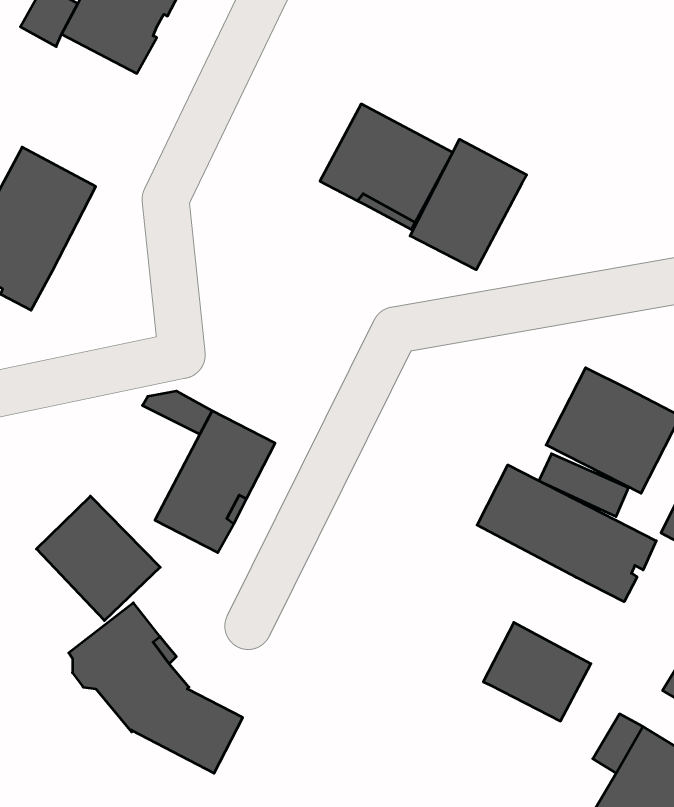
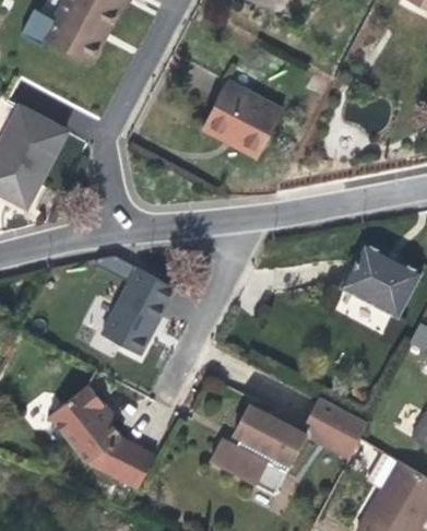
building: [410,139,527,270] -> none
building: [477,465,656,602] -> none
building: [36,496,160,621] -> none
building: none -> [211,404,306,494]

